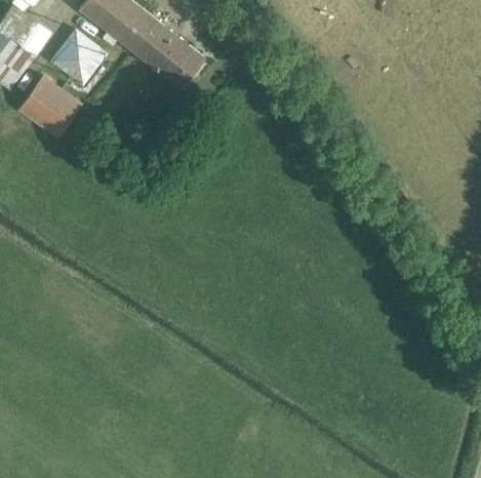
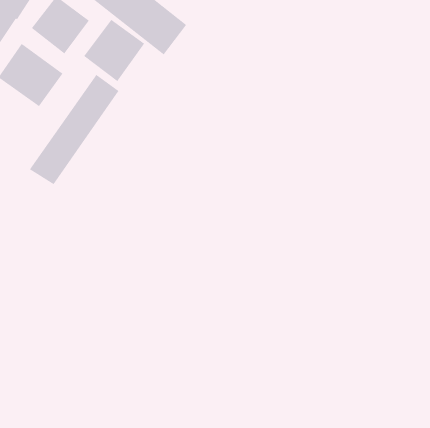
building: none -> [83,19,145,82]
building: none -> [29,74,119,185]

